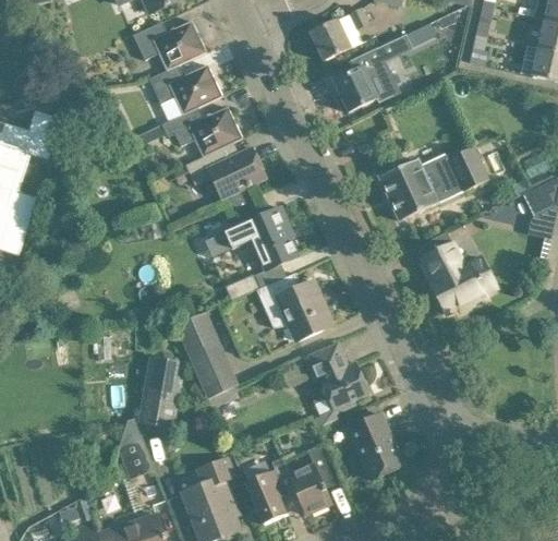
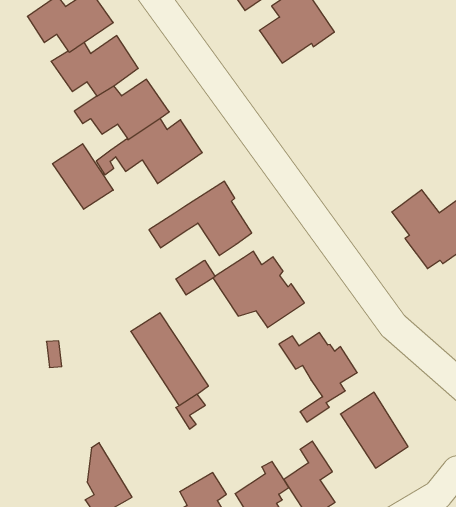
building: [378,147,487,220] -> none
building: none -> [53,144,113,209]
building: [138,358,182,428] -> none

